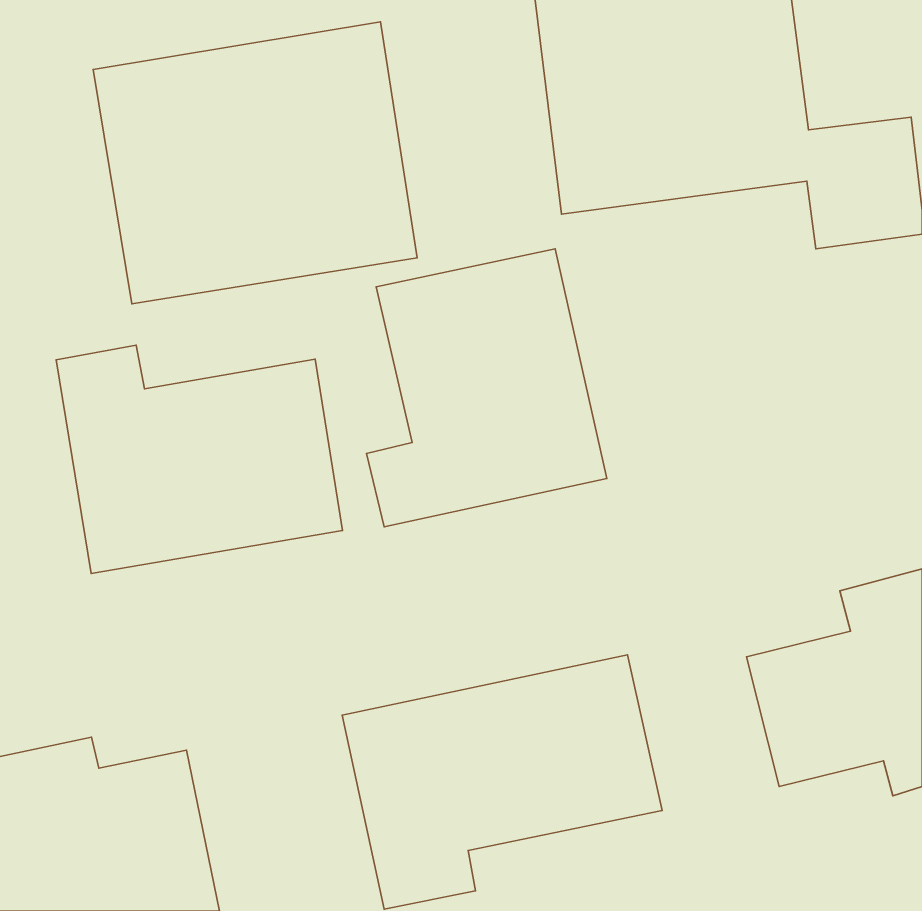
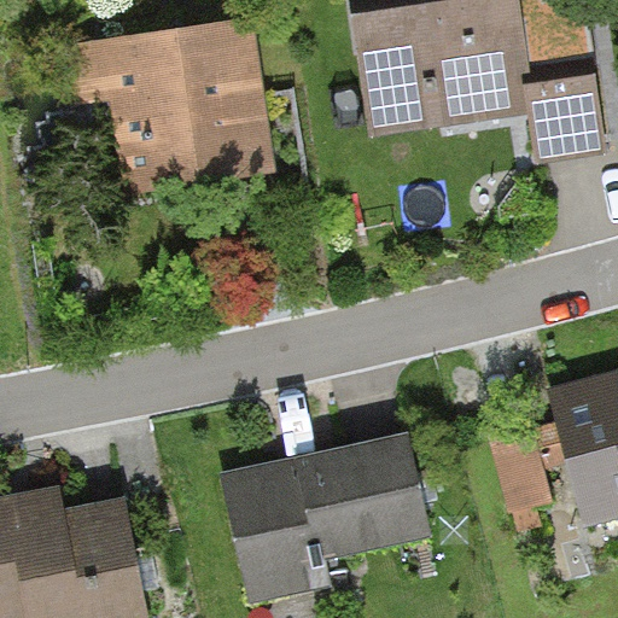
building: [367,249,607,527] -> none
building: [56,345,342,574] -> none

